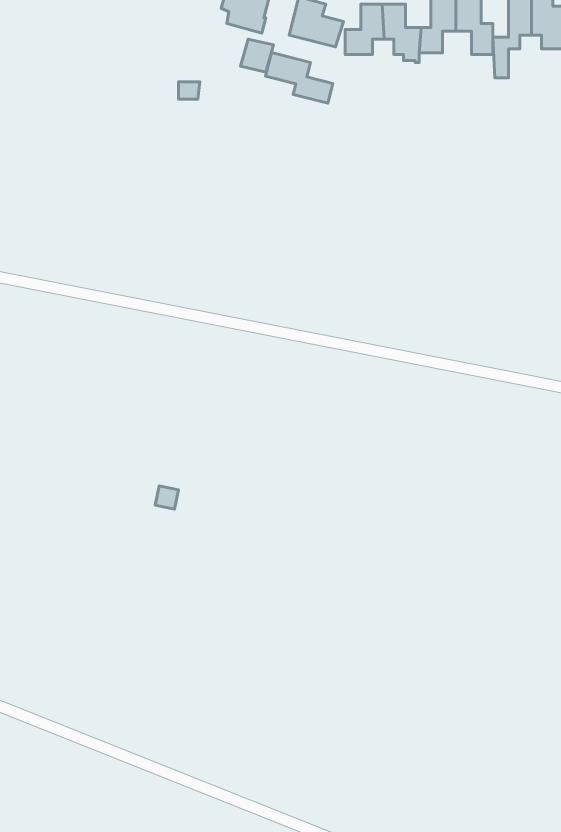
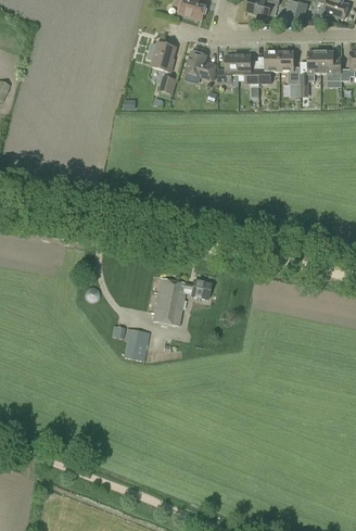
building: [265,53,333,103] -> none
building: none -> [152,278,211,326]
building: none -> [123,327,150,361]

